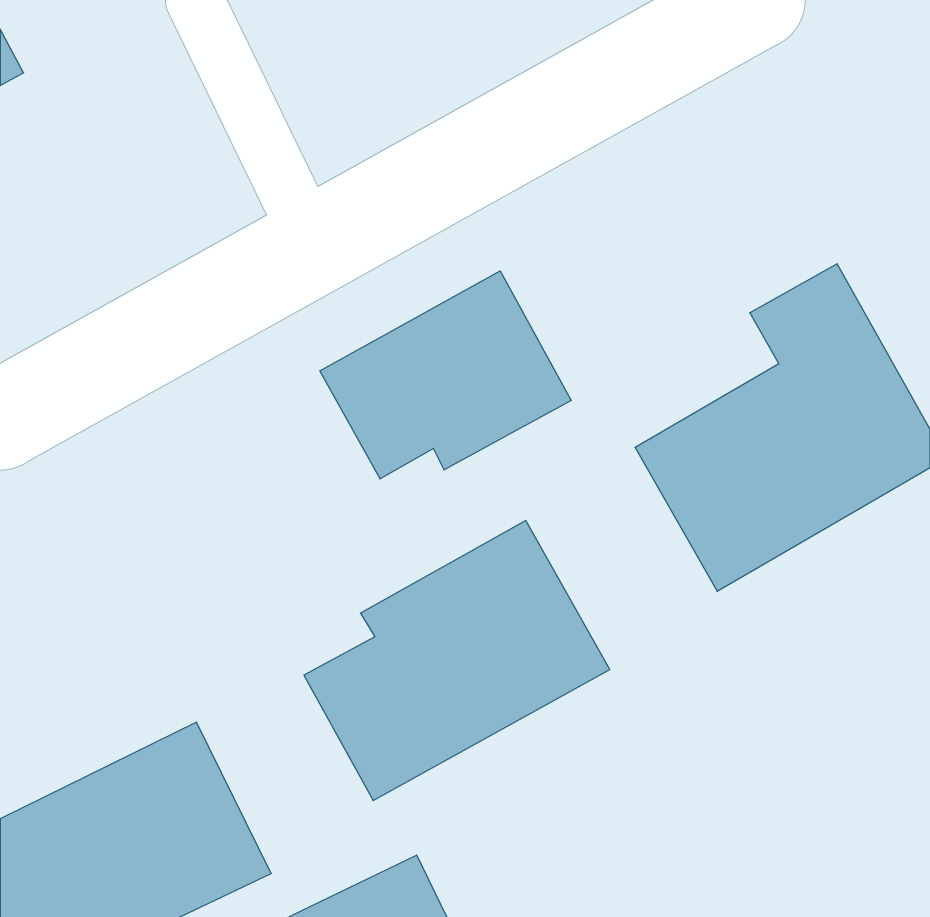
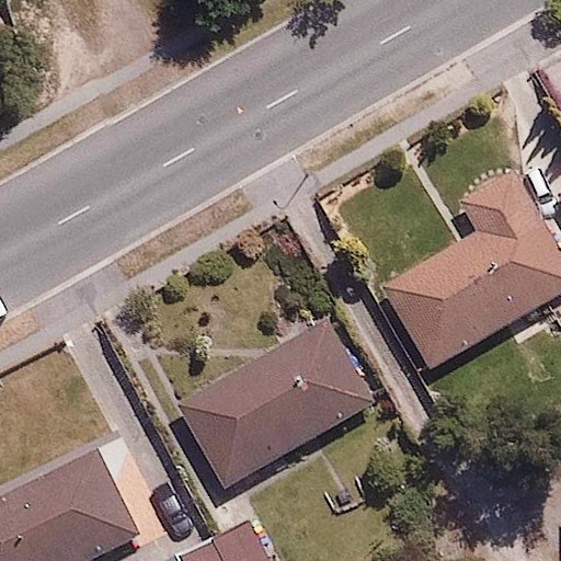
building: [320,271,571,479] -> none

